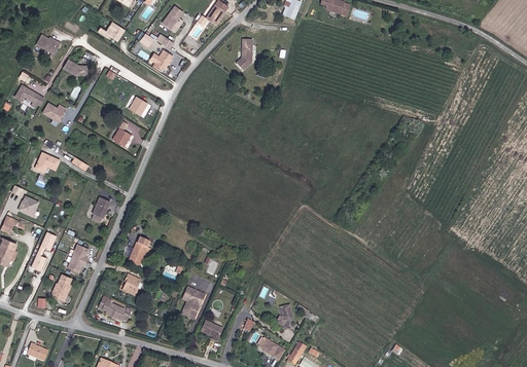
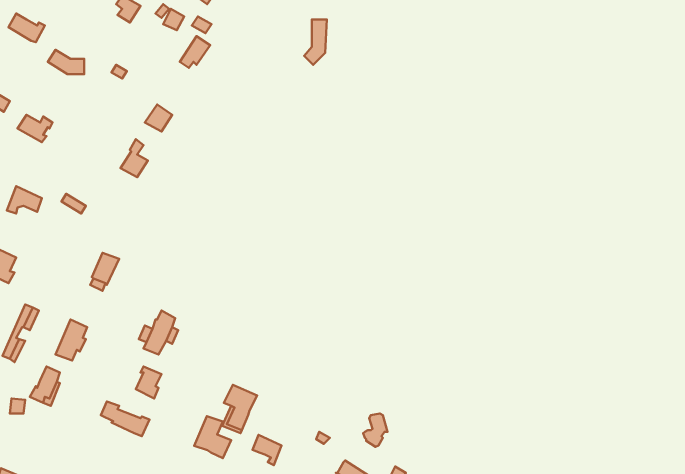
building: none -> [194,416,231,458]

